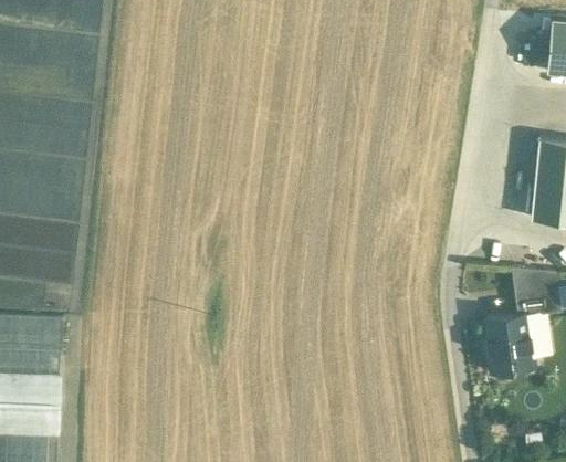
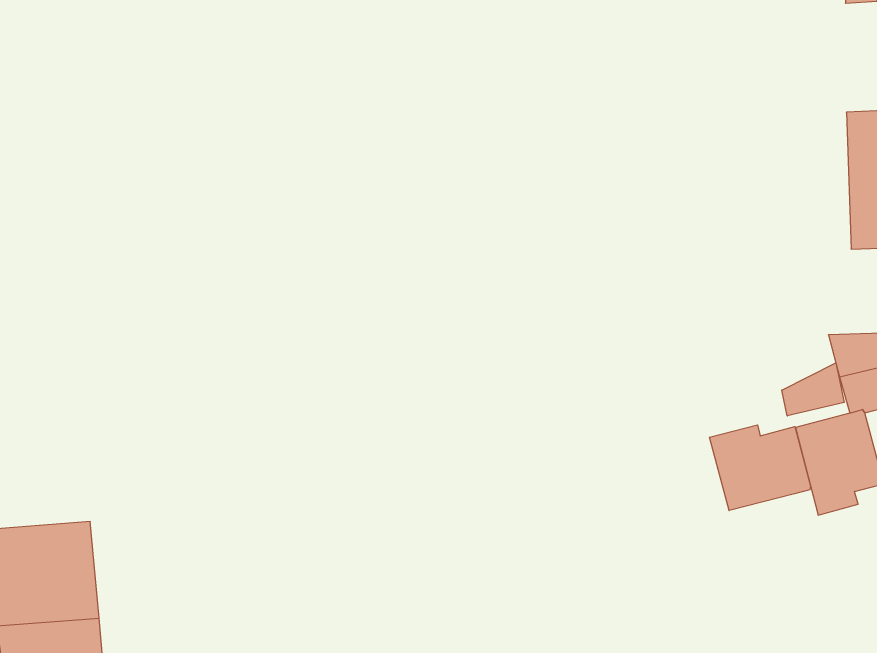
building: none -> [782,363,844,416]
building: none -> [709,425,811,511]

